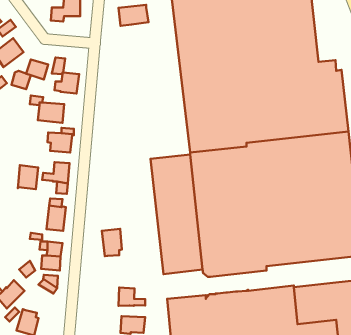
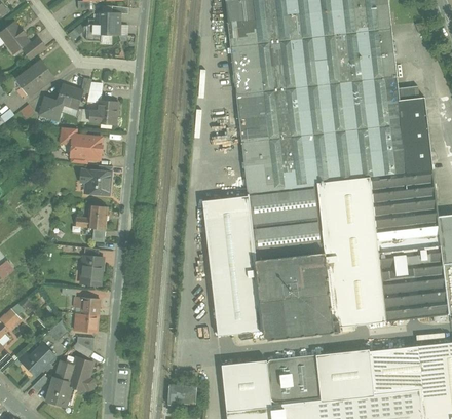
building: [118,5,148,26] -> none
building: [18,165,38,189] -> none
building: [102,229,122,256] -> none
building: [118,288,145,306] -> none
building: none -> [55,353,92,391]

